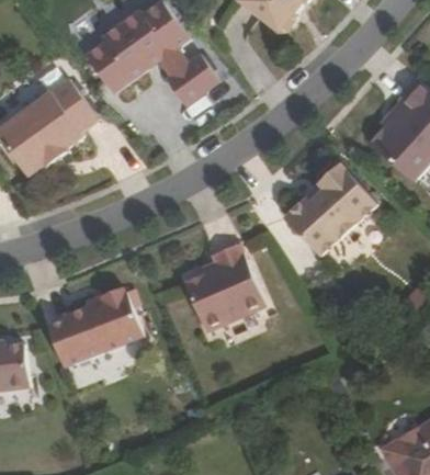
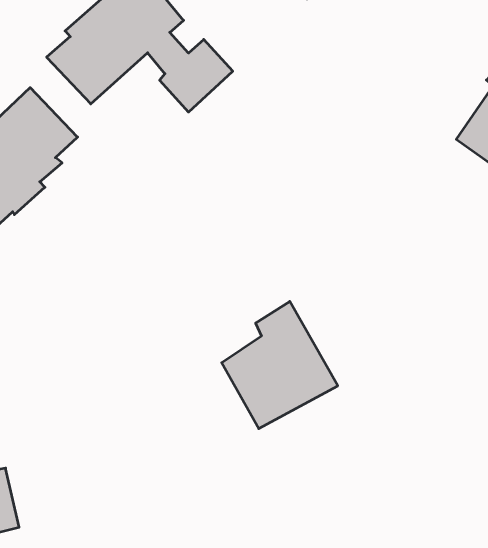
building: [288,162,383,258] -> none
building: [49,287,144,364] -> none

